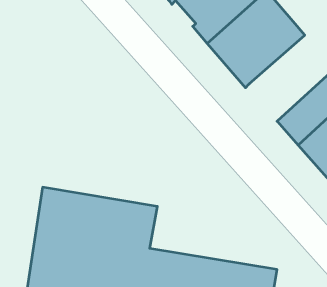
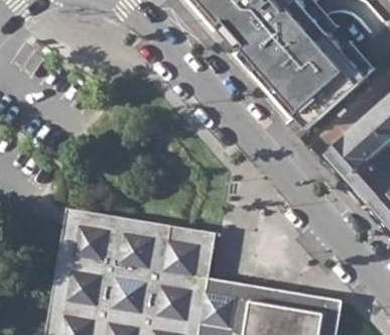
building: none -> [296,41,374,126]

